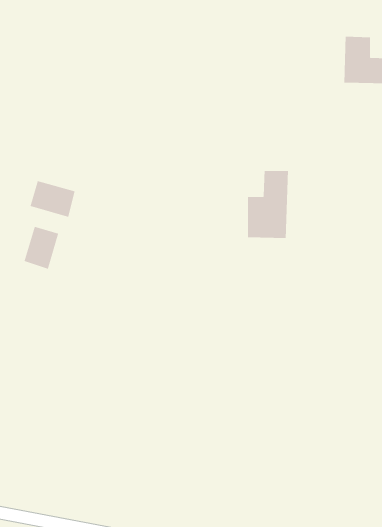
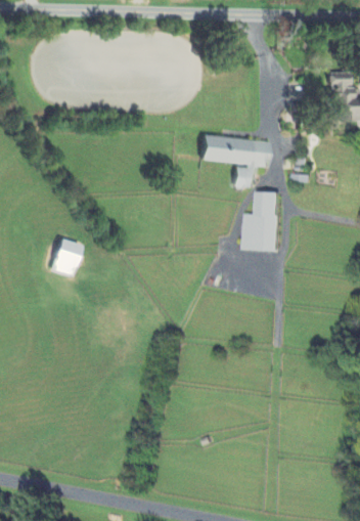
building: none -> [200,134,271,186]
building: [29,180,76,218] -> none

